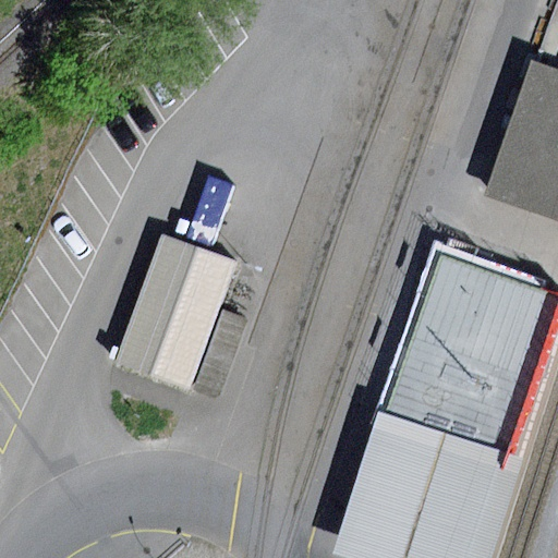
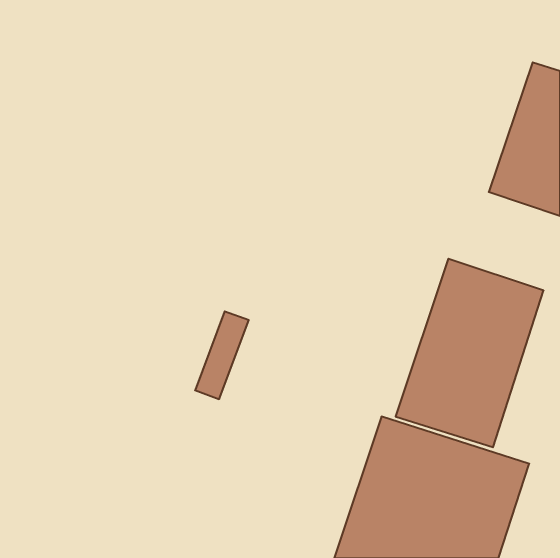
building: [114,233,233,391] -> none

